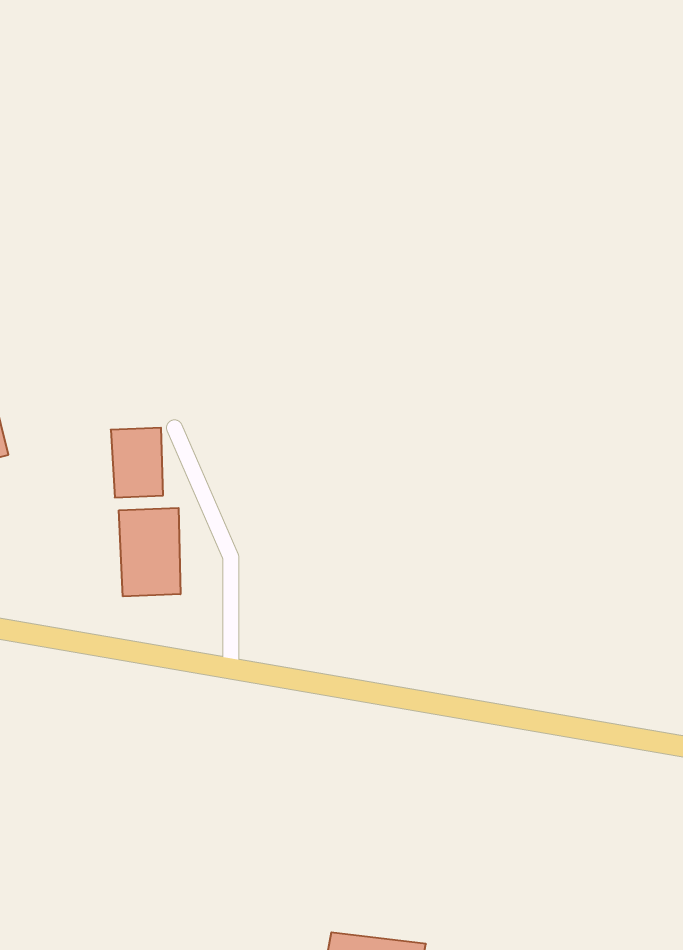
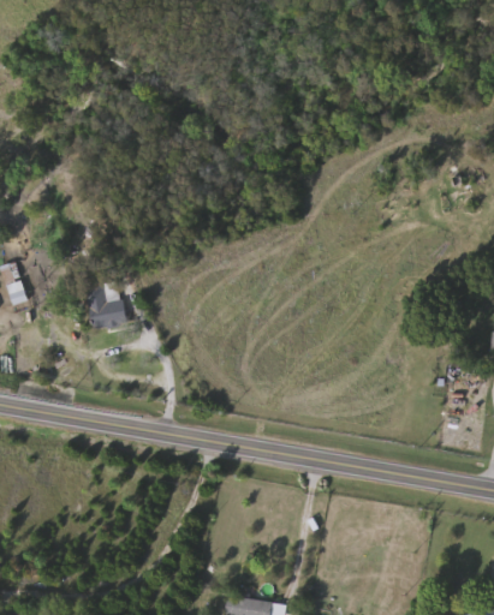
building: [119,508,180,596] -> none

